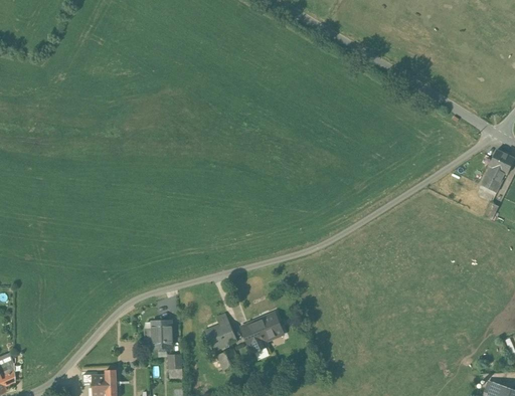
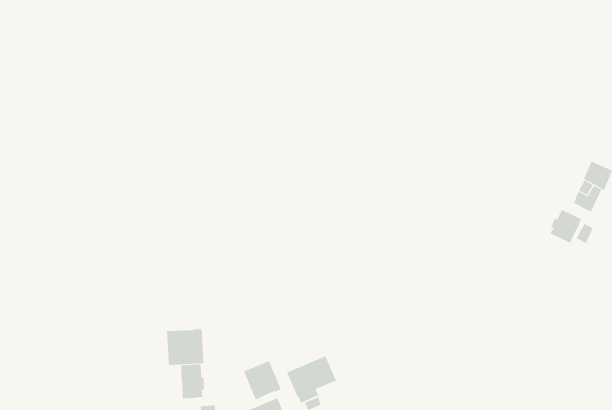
building: none -> [550,209,582,244]
building: none -> [167,328,204,366]

